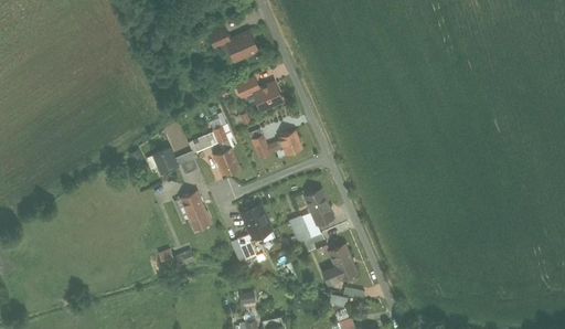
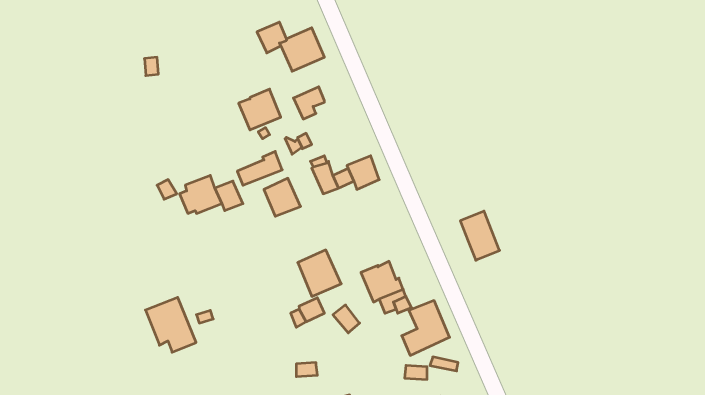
building: [252,81,285,113] -> [239,89,281,130]
building: [305,189,335,227] -> [460,211,500,260]
building: [172,191,212,234] -> [145,297,196,352]

